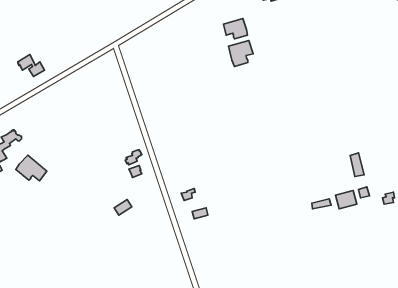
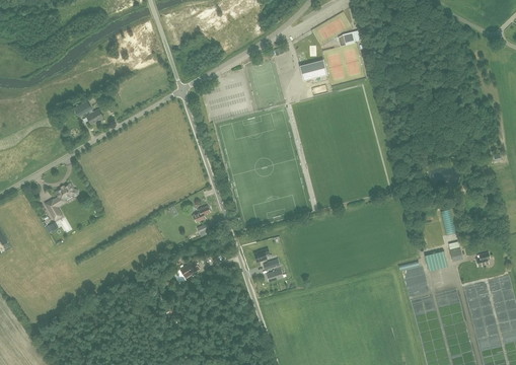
building: [228,40,253,66] -> none
building: [16,155,47,181] -> none

